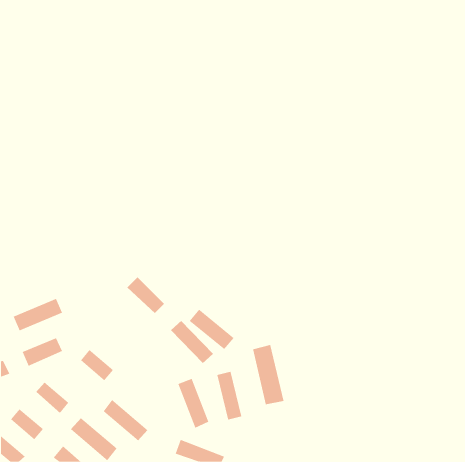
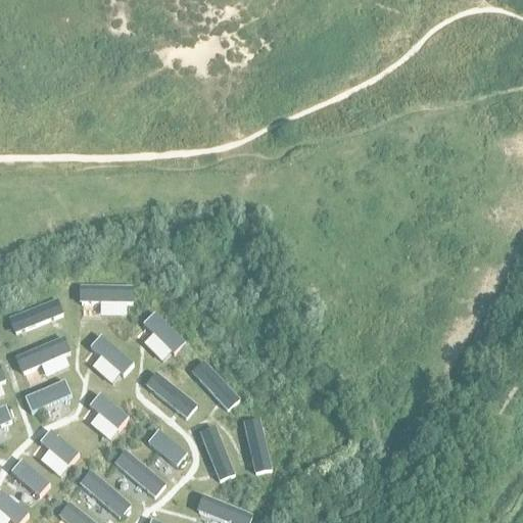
building: none -> [79,284,133,302]
building: none -> [8,296,63,332]
building: none -> [90,335,133,375]
building: [189,309,234,350] -> [145,371,196,417]
building: [253,344,284,405] -> none
building: none -> [147,429,186,465]

